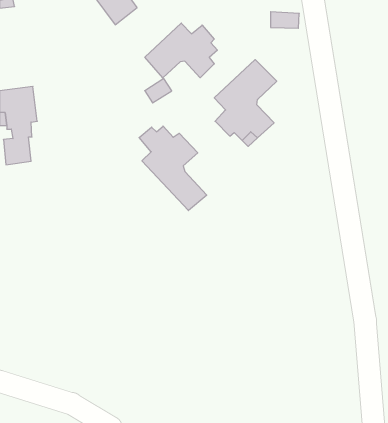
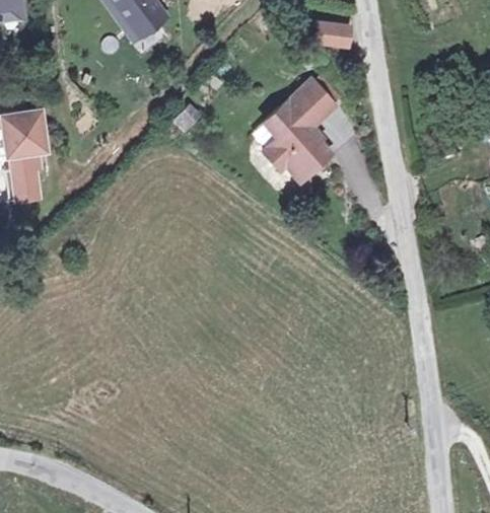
building: [145,23,217,78] -> none
building: [139,126,207,211] -> none

